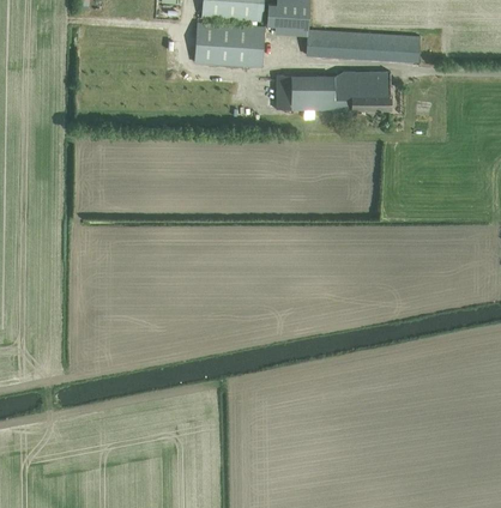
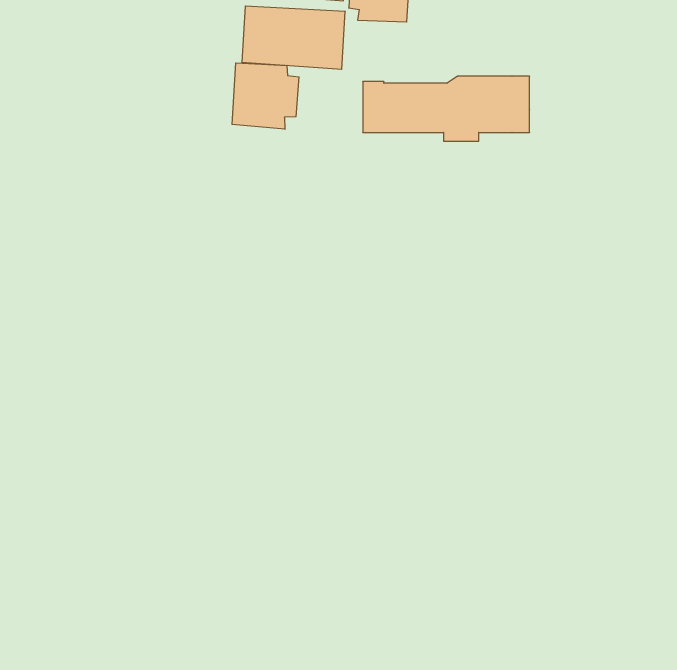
building: [304,31,418,62] -> none
building: none -> [232,63,299,129]

